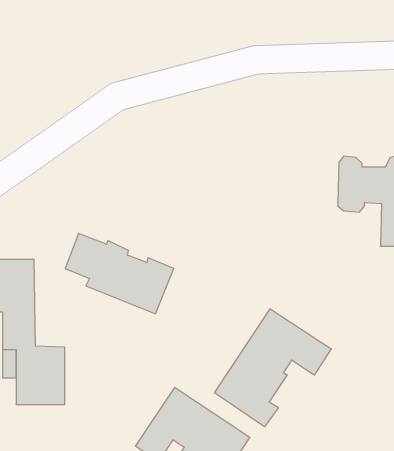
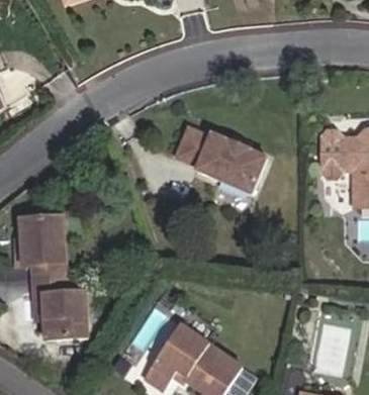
building: [65,233,174,314] -> [173,126,263,193]
building: [214,309,331,427] -> none

